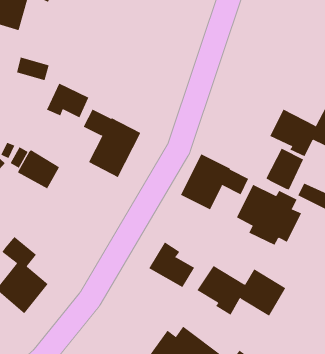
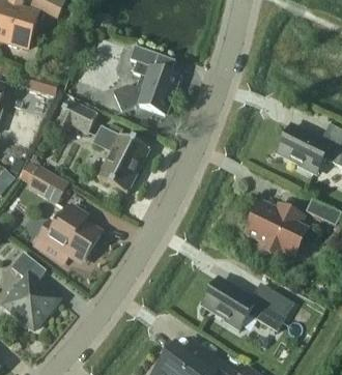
building: none -> [112,45,177,113]
building: [266,148,304,190] -> none
building: [180,153,249,210] -> none
building: none -> [39,211,96,262]
building: [149,242,195,288] -> none

